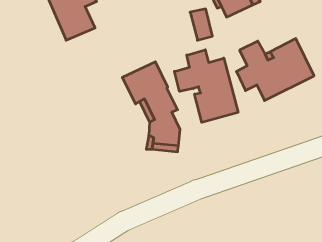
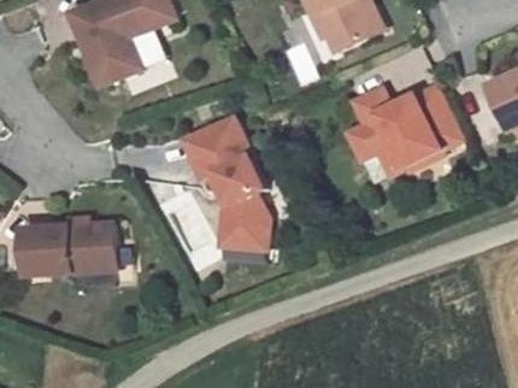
building: [174,50,238,122] -> none
building: none -> [22,222,114,275]

